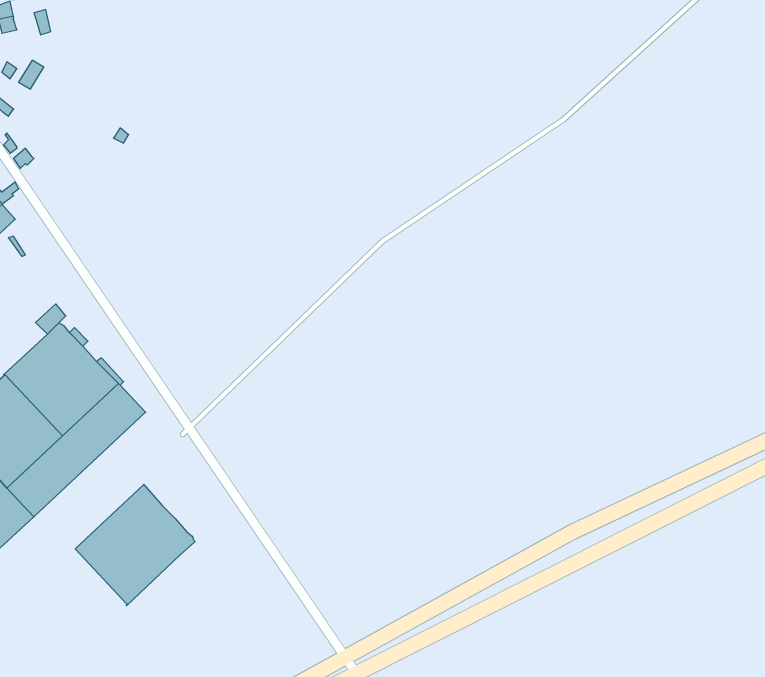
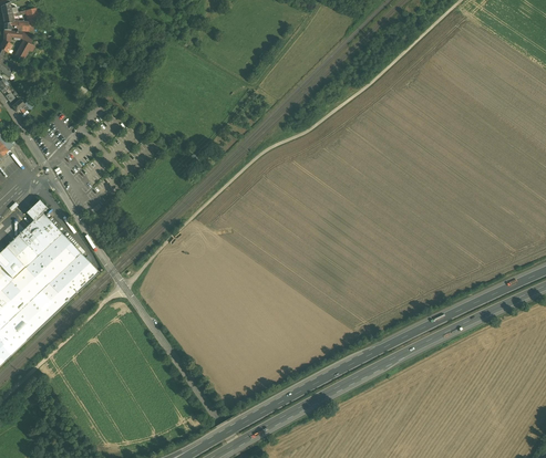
building: [75,484,195,606] -> none

